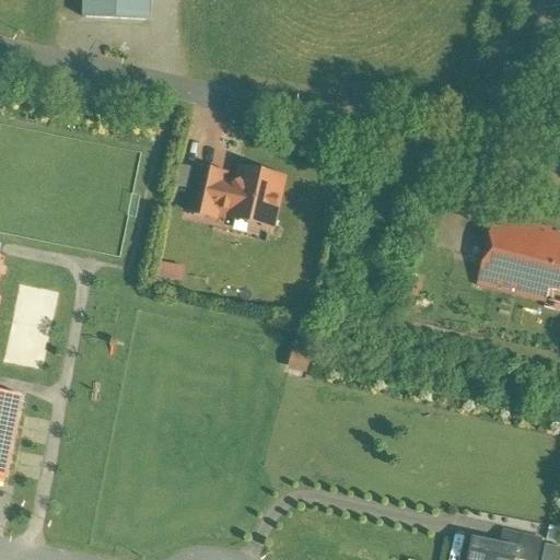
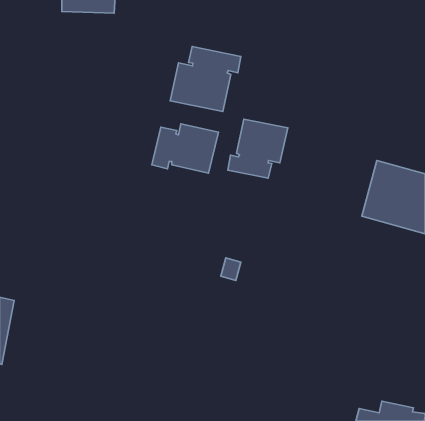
building: none -> [170,47,241,112]
building: none -> [228,119,288,178]

